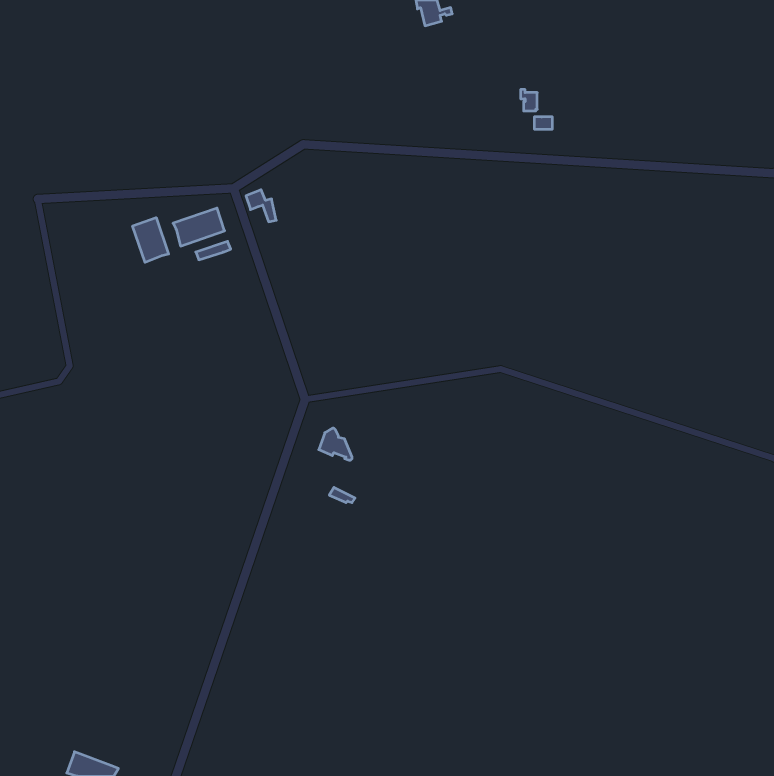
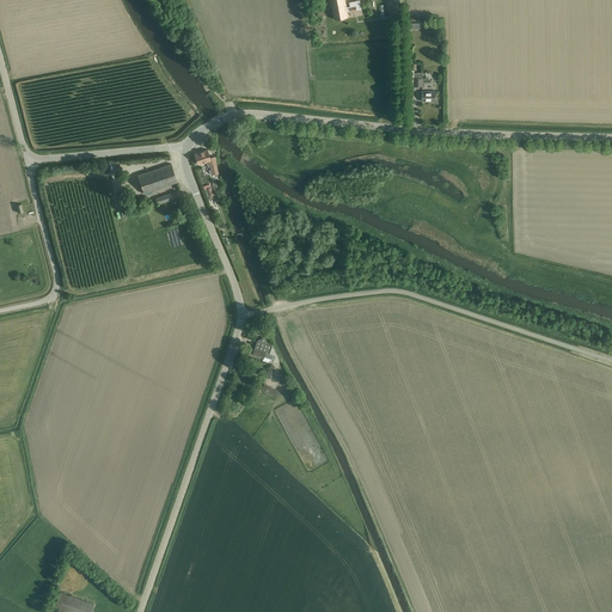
building: [133,218,169,262] -> none

